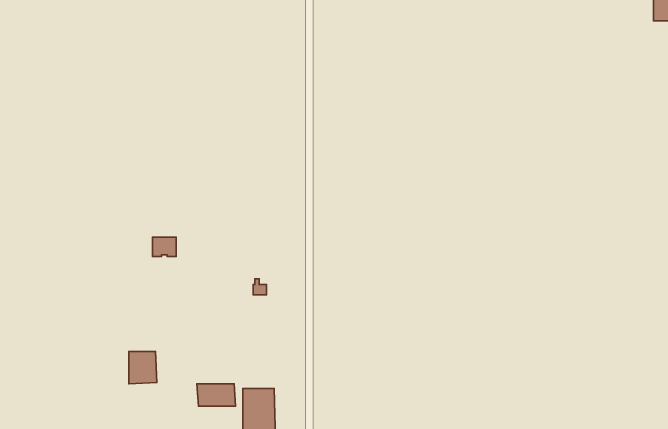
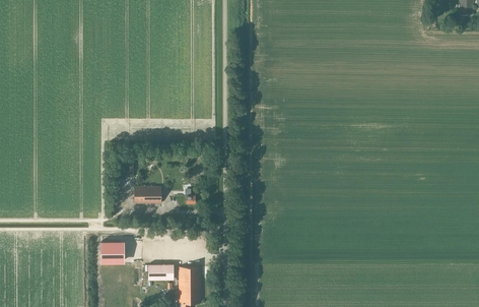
building: none -> [134,187,160,203]

